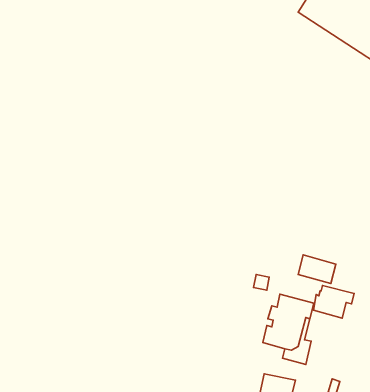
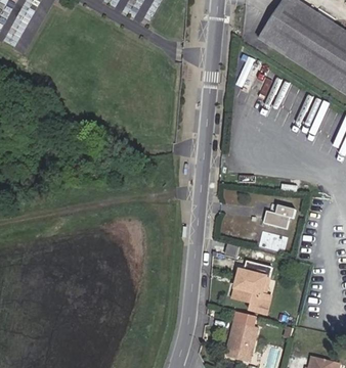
building: [313,286,354,318] -> [263,202,295,228]

